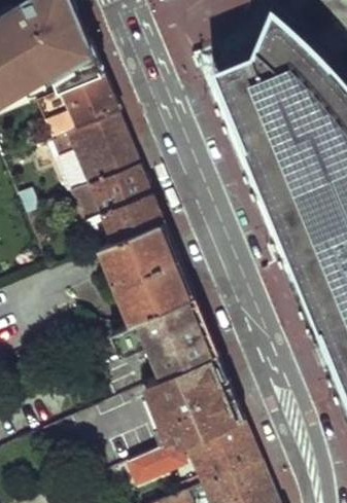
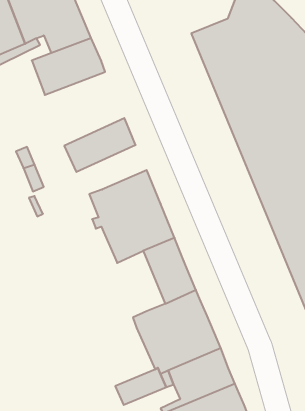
building: [50,114,139,196] -> none
building: [85,195,164,245] -> none
building: [111,313,184,380] -> none

